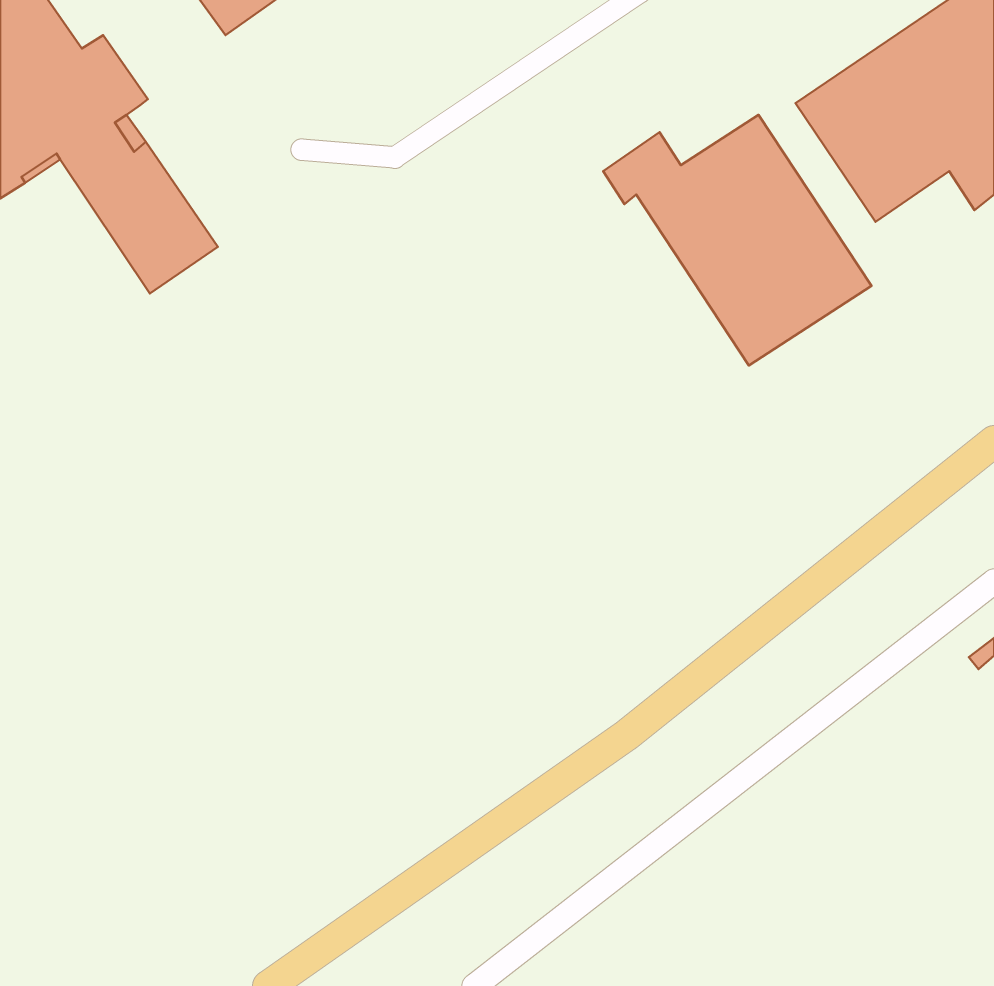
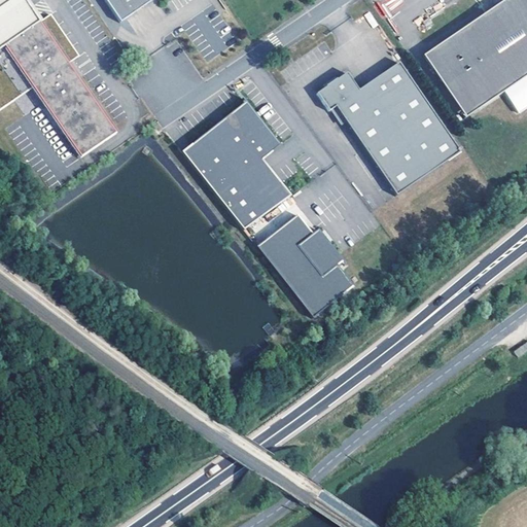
building: none -> [184,102,290,229]
building: none -> [257,212,354,316]

